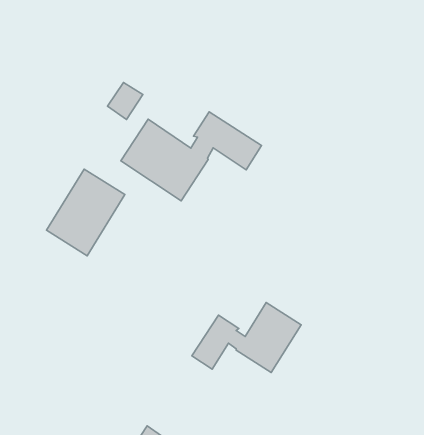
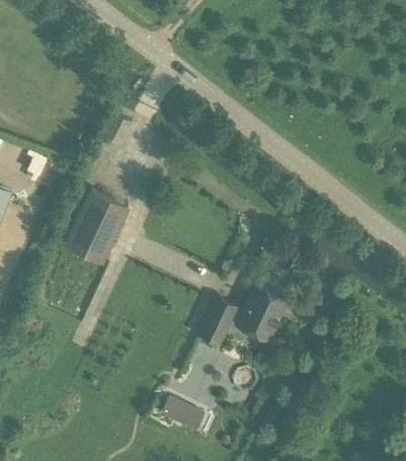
building: [121,112,262,201] -> none

